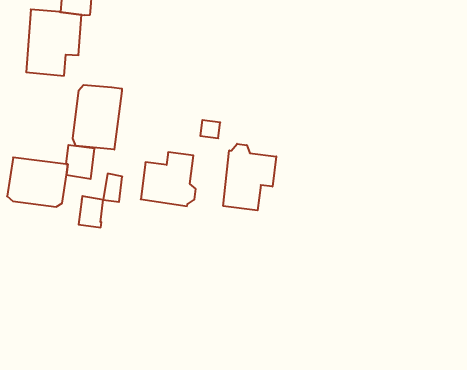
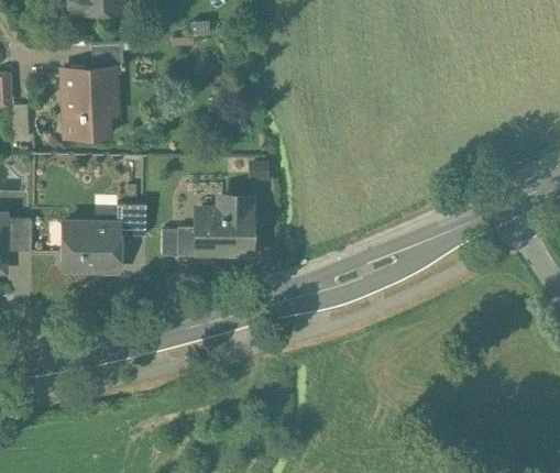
building: [73,85,122,150] -> none
building: [223,144,276,210] -> none
building: [79,196,103,227] -> [177,227,200,256]

